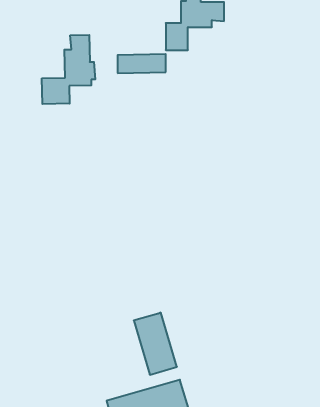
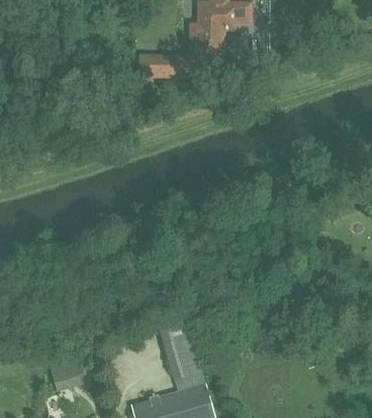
building: [42,35,95,104] -> none
building: none -> [50,358,82,390]

